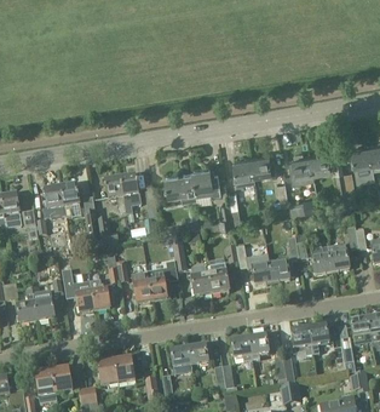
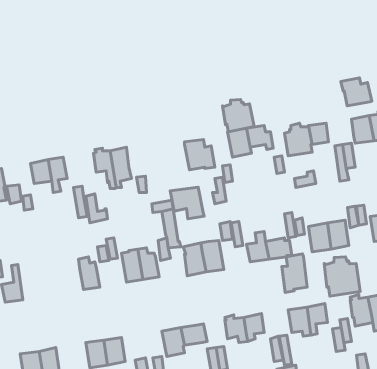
building: none -> [341,78,372,106]
building: none -> [222,99,254,132]
building: [165,172,197,202] -> [170,187,204,219]
building: [61,270,94,314] -> none
building: none -> [282,254,307,293]
building: none -> [324,257,360,296]
building: [31,287,54,321] -> none

